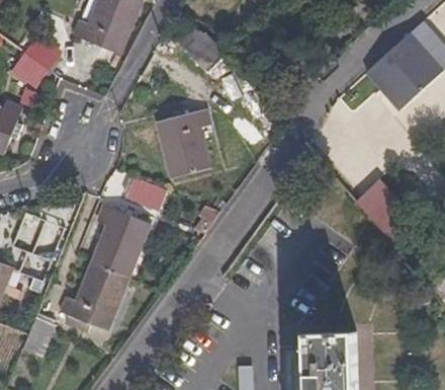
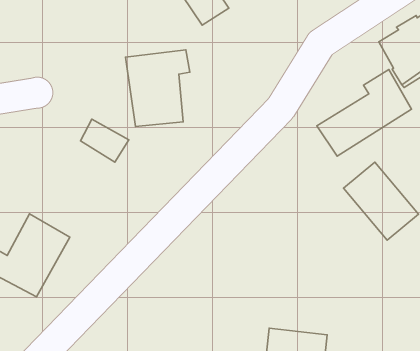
building: none -> [317,69,412,156]
building: [90,205,149,277] -> none

